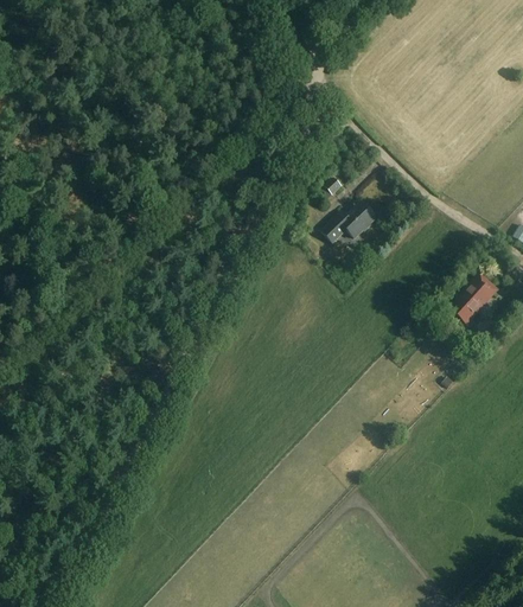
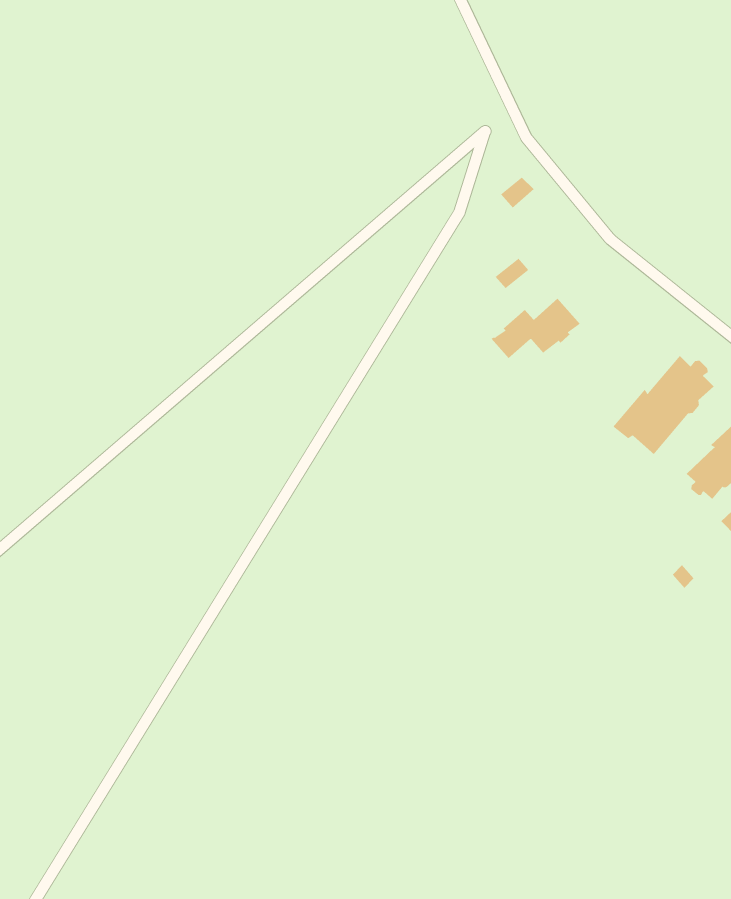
building: none -> [613,355,714,455]

